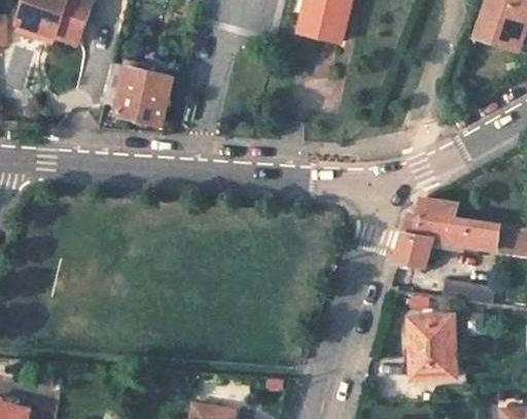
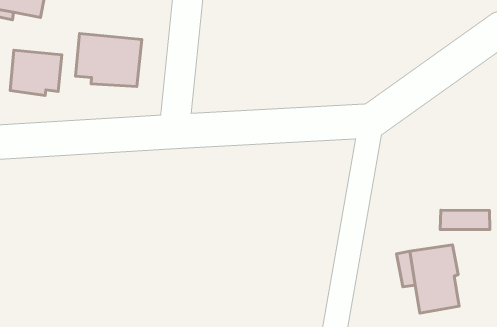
building: none -> [10,50,62,95]
building: [396,198,498,265] -> none

